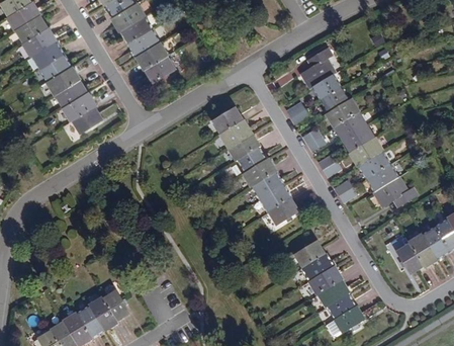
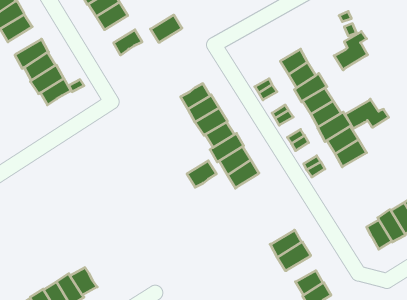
building: [137,41,168,69] -> [150,15,182,42]
building: [300,51,334,89] -> [334,31,368,70]
building: [40,53,73,80] -> none
building: [373,177,417,206] -> [345,99,389,128]
building: [268,199,297,226] -> [187,161,216,187]
building: [294,242,325,269] -> none
building: [317,281,349,309] -> none

